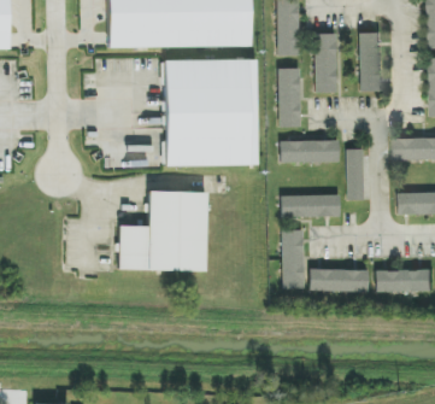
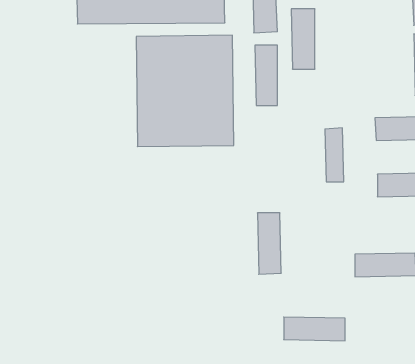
building: [358,33,381,92] -> none
building: [280,140,339,163] -> none
building: [118,192,206,271] -> none
building: [280,194,340,217] -> none
building: [308,269,368,292] -> [284,317,345,341]

